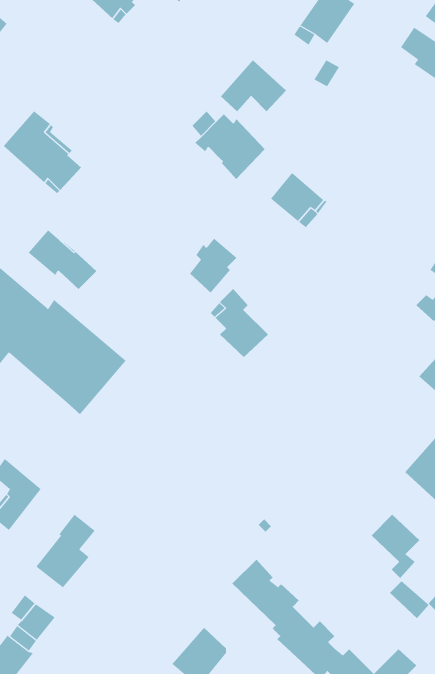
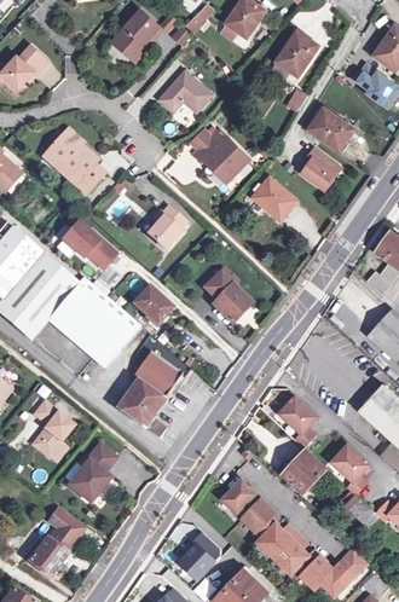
building: [220,59,287,112] -> [158,70,210,111]
building: none -> [307,106,353,151]
building: none -> [301,147,340,190]
building: [189,238,237,293] -> [148,206,185,249]
building: none -> [132,285,172,324]
building: none -> [117,352,181,438]
building: none -> [279,395,317,446]
building: none -> [282,450,324,492]

